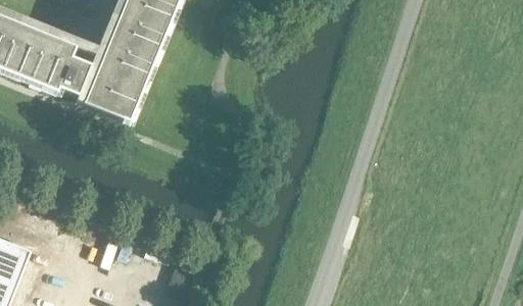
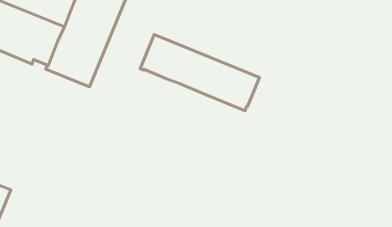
building: none -> [140,35,259,111]

